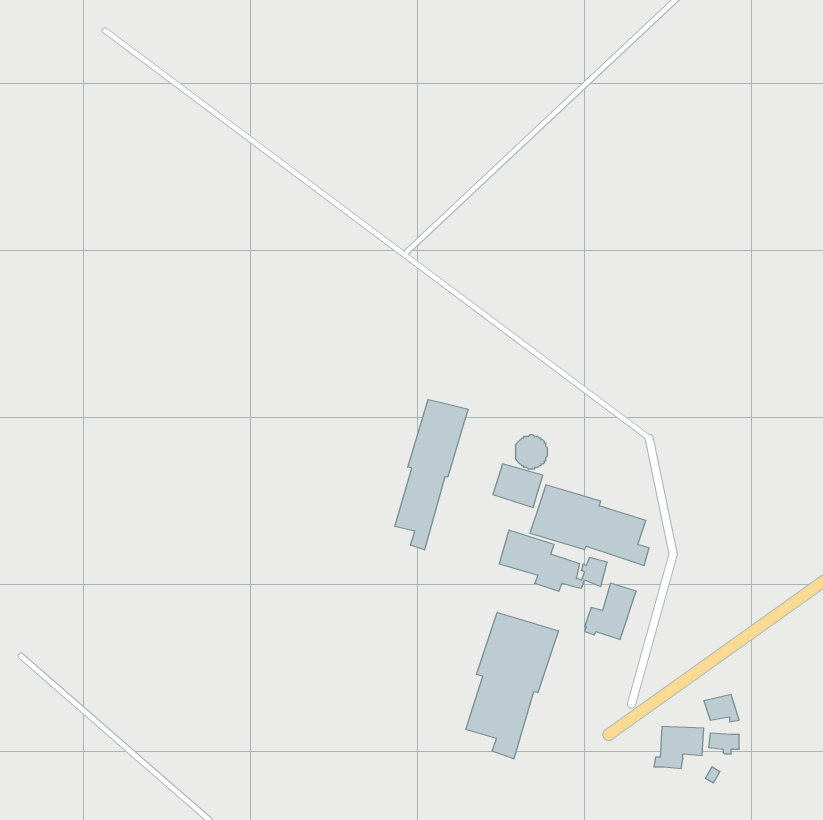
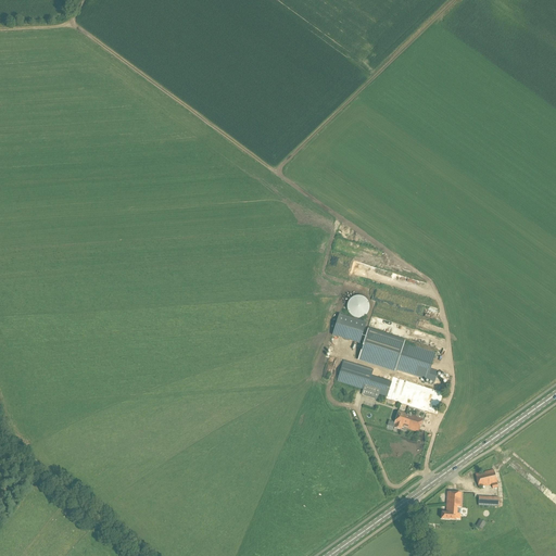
building: [395,399,468,550] -> none
building: [466,612,559,759] -> none

